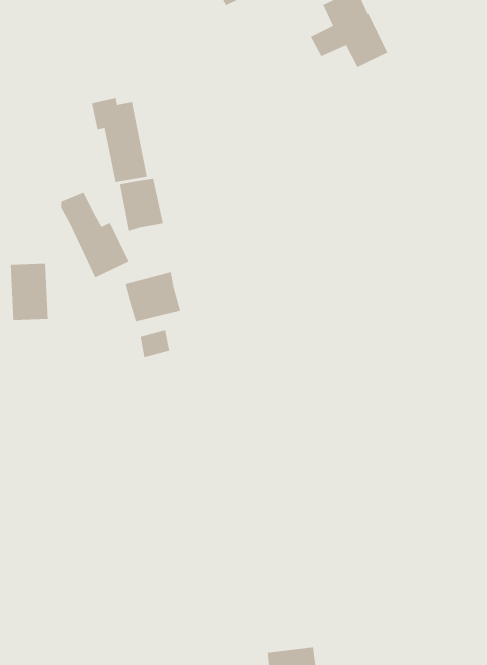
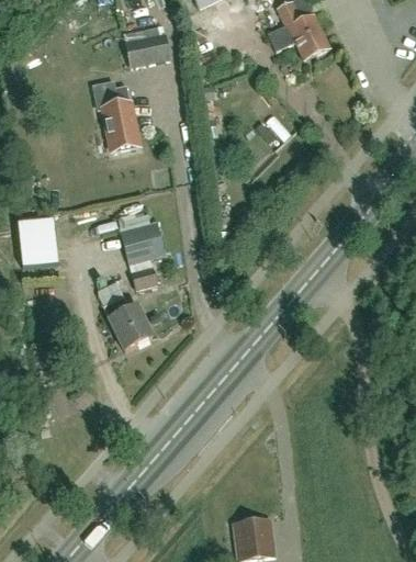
building: none -> [123,24,169,67]
building: [119,178,164,232] -> none
building: [60,191,130,278] -> [97,281,151,350]

